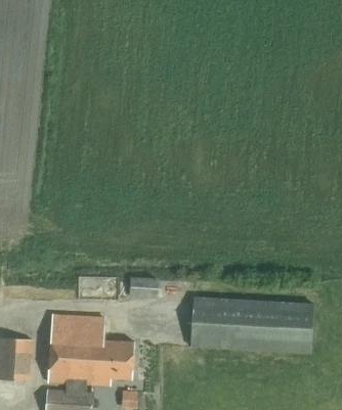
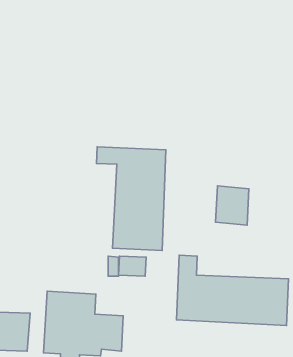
building: none -> [96,147,166,250]
building: none -> [216,186,249,225]

